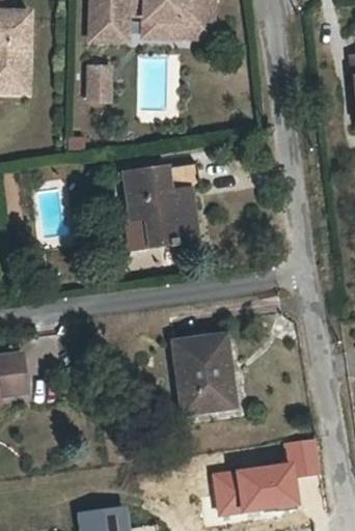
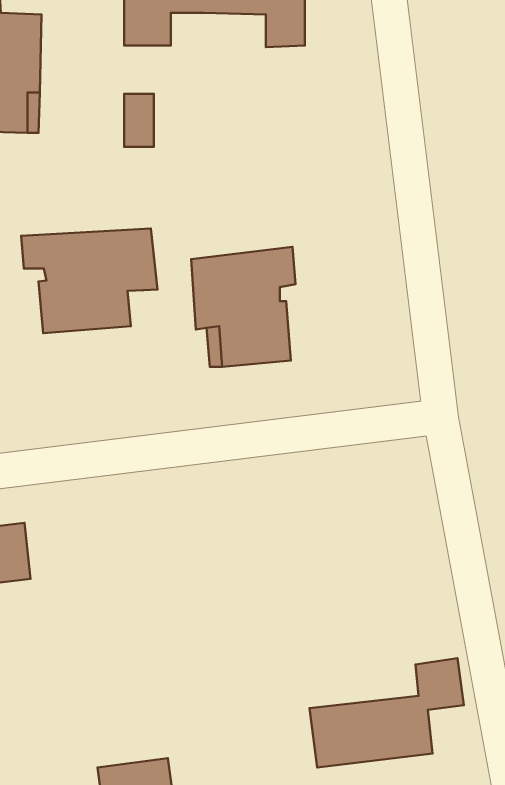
building: [141,11,183,34] -> none
building: none -> [21,229,157,333]
building: [171,334,229,408] -> none

